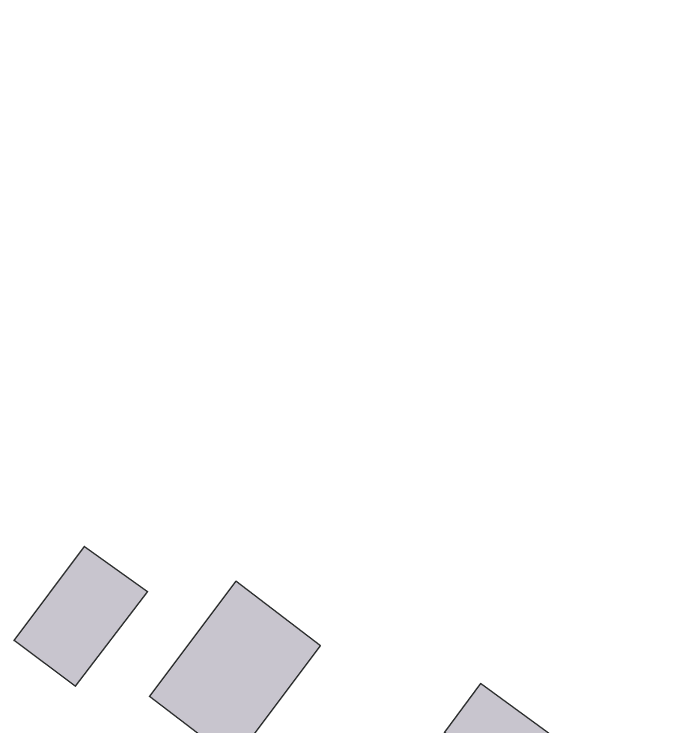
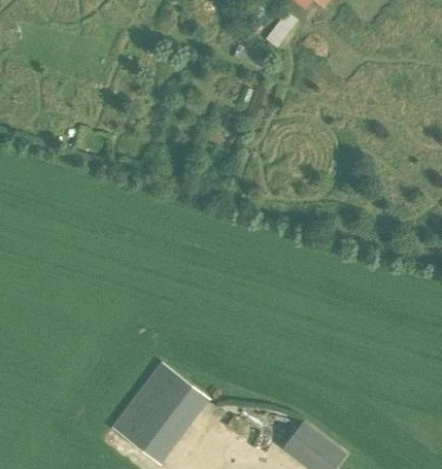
building: [14,546,148,686] -> none

